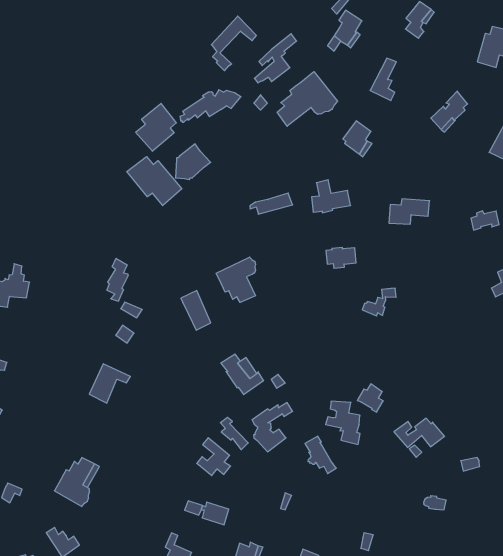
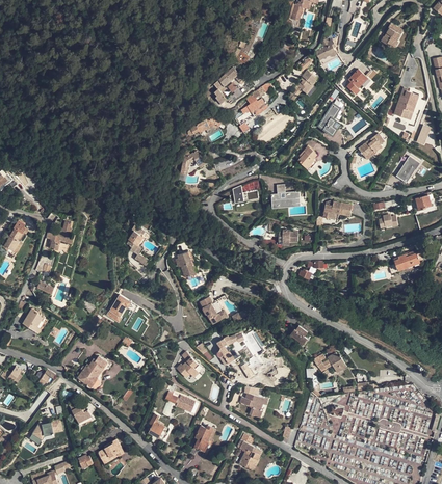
building: [277,72,338,126] -> none
building: [136,103,176,151] -> none
building: [127,157,182,206] -> none
building: [216,257,256,302] -> none
building: [326,401,360,444] -> [239,386,263,418]

